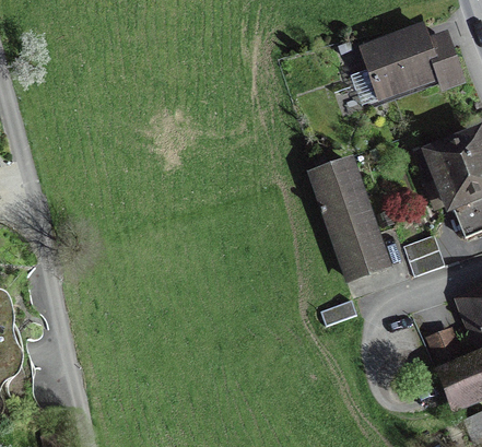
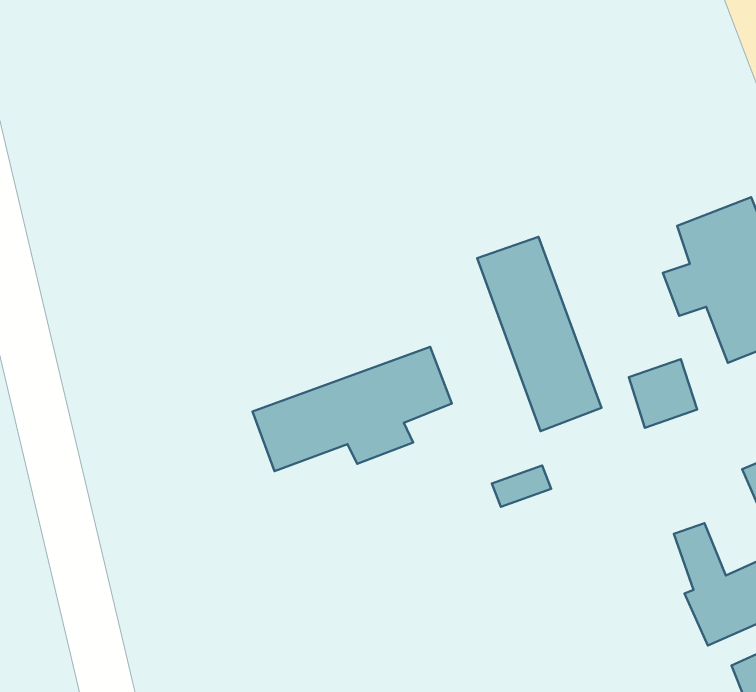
building: [363,27,460,97] -> none
building: none -> [252,347,452,471]

